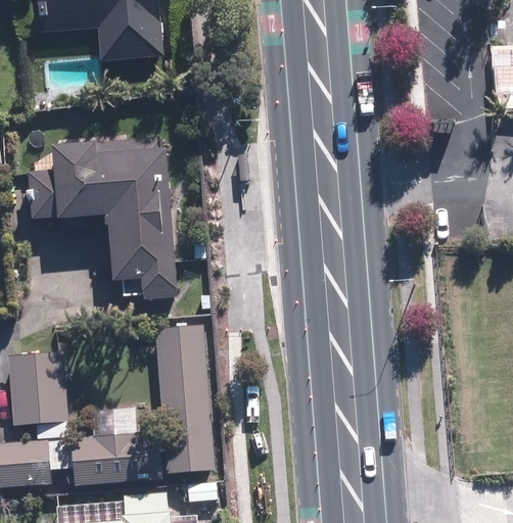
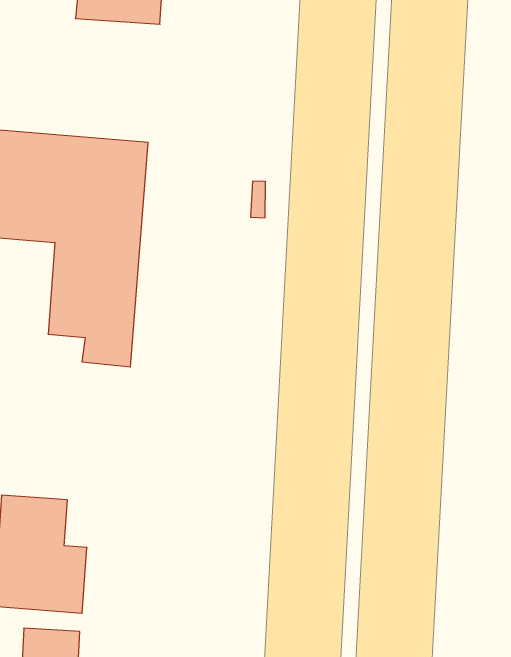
building: [157,324,214,497] -> none

